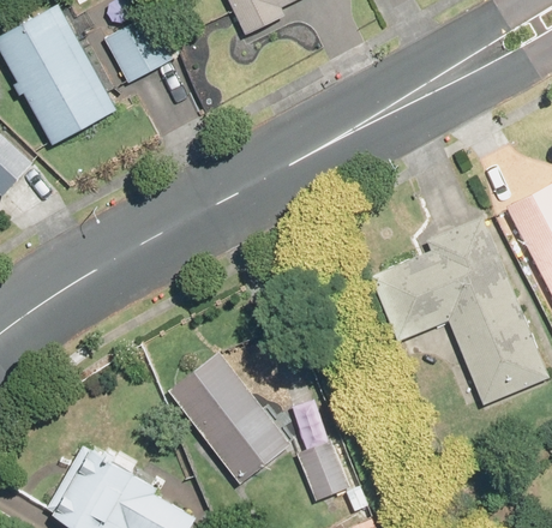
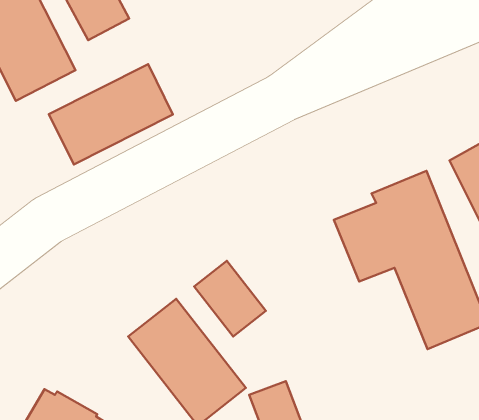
building: none -> [49,64,173,165]
building: none -> [194,261,266,336]

